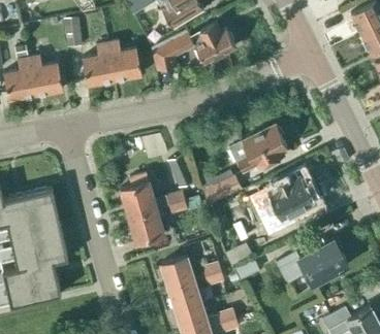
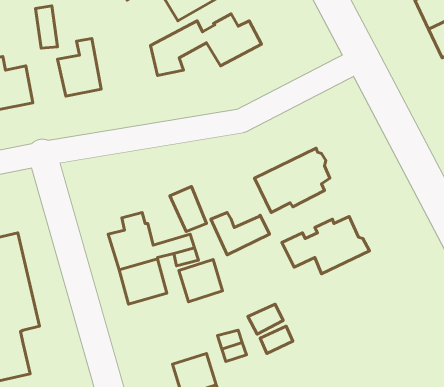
building: [107,40,141,80] -> none
building: [276,239,348,285] -> none
building: [161,256,194,288] -> [179,259,223,302]

